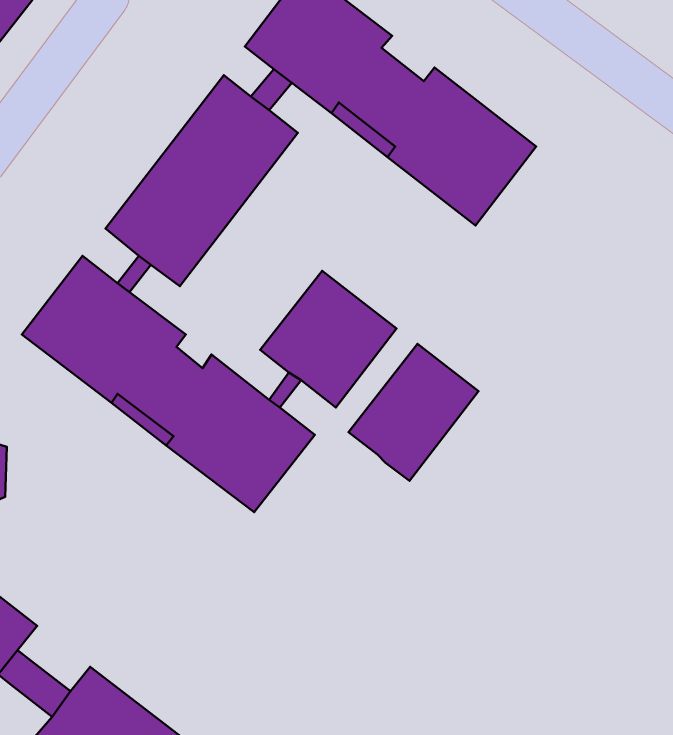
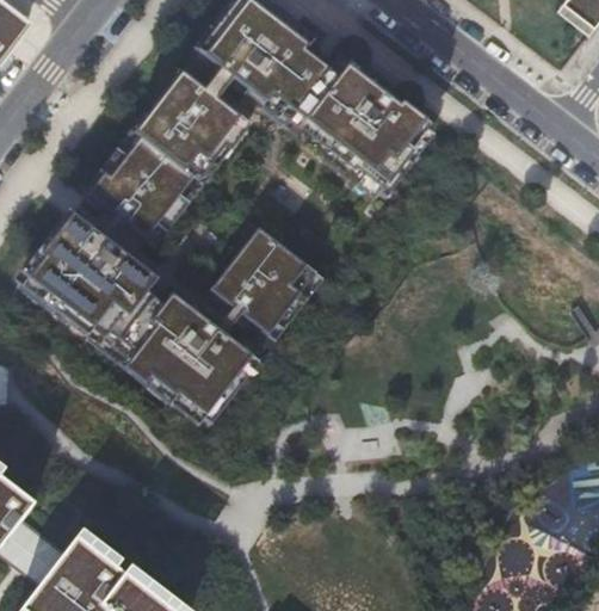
building: [349,344,479,481] -> none

